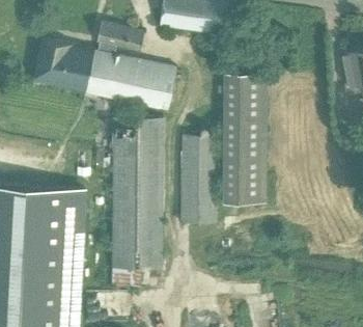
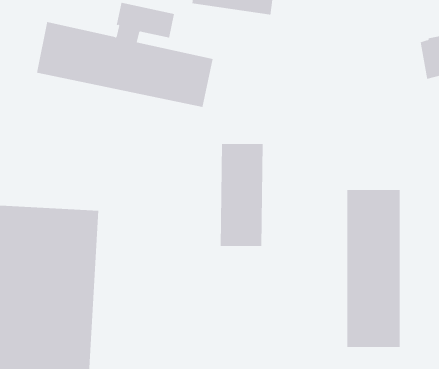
building: [223,74,267,201] -> [346,190,400,348]
building: [111,119,163,287] -> none

